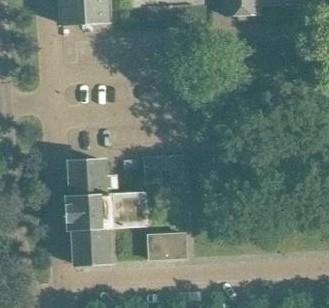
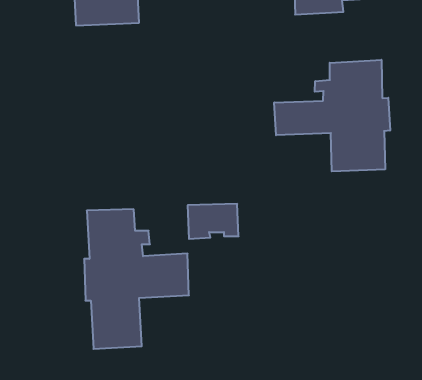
building: none -> [274,60,390,171]
building: [147,233,186,259] -> none

